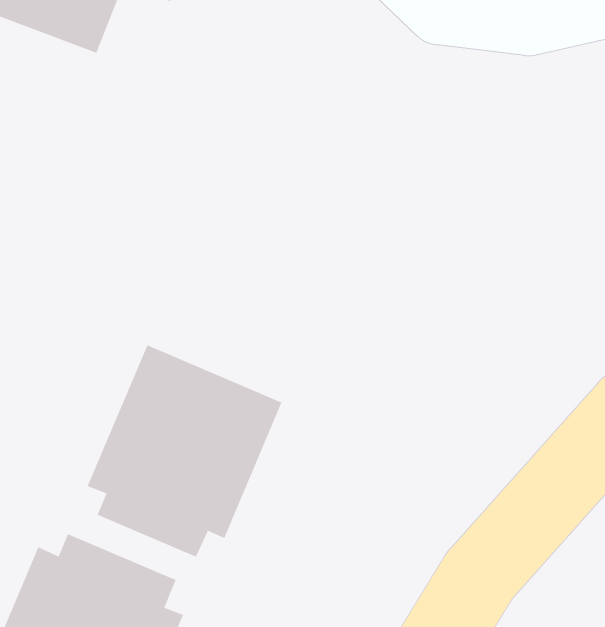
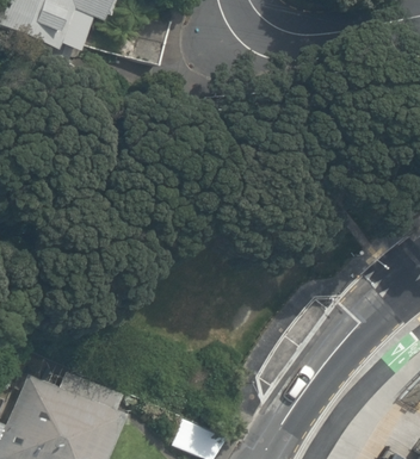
building: [87,345,282,558] -> none

